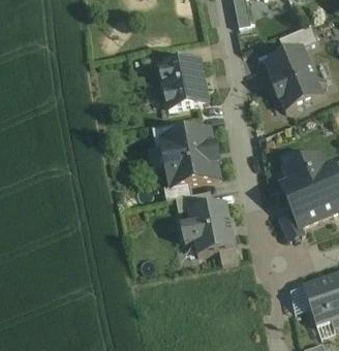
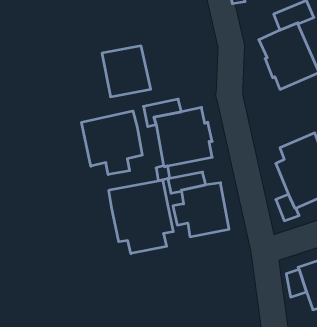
building: [159,58,207,107] -> [102,46,151,97]
building: none -> [82,111,142,175]
building: none -> [109,180,173,254]

